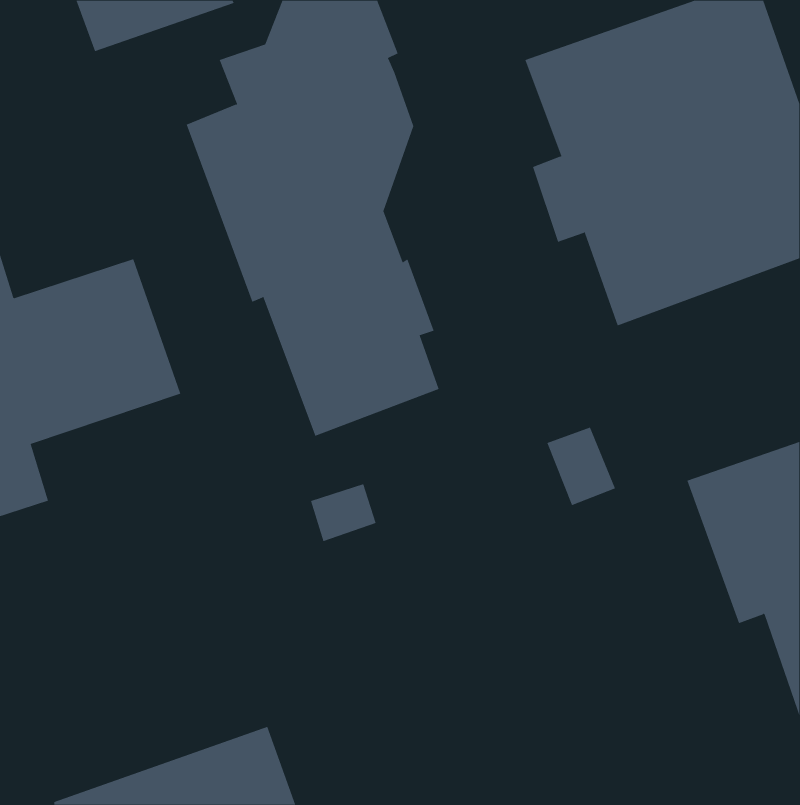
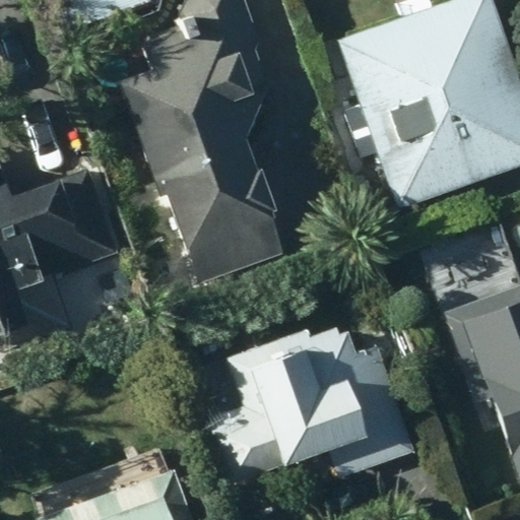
building: none -> [219,323,411,484]

